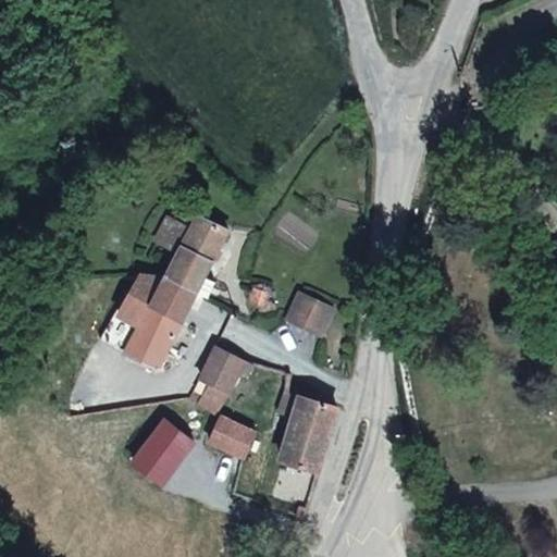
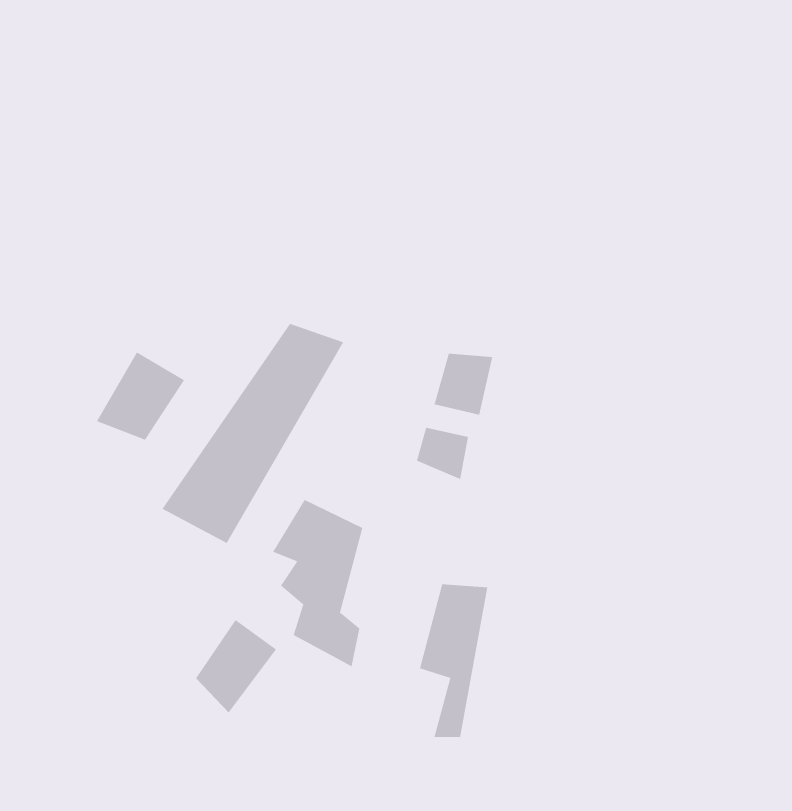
building: none -> [96,351,185,441]
building: none -> [434,353,493,416]

